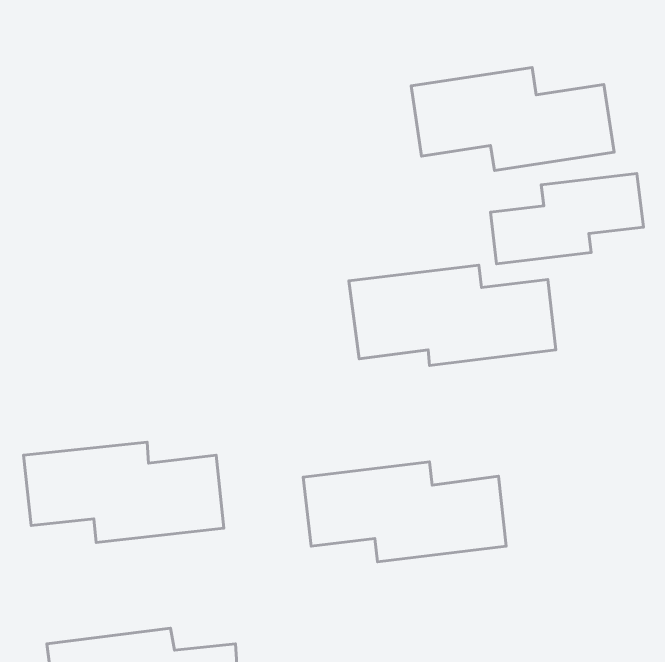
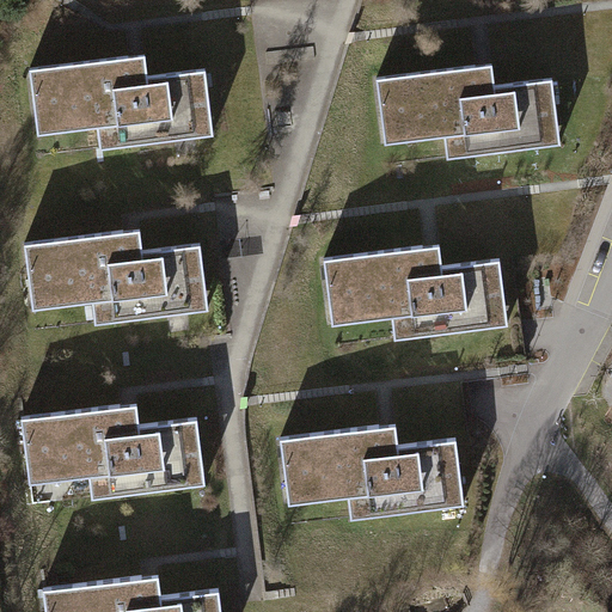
building: none -> [27,54,210,151]
building: [490,174,643,264] -> none
building: none -> [31,232,202,323]

